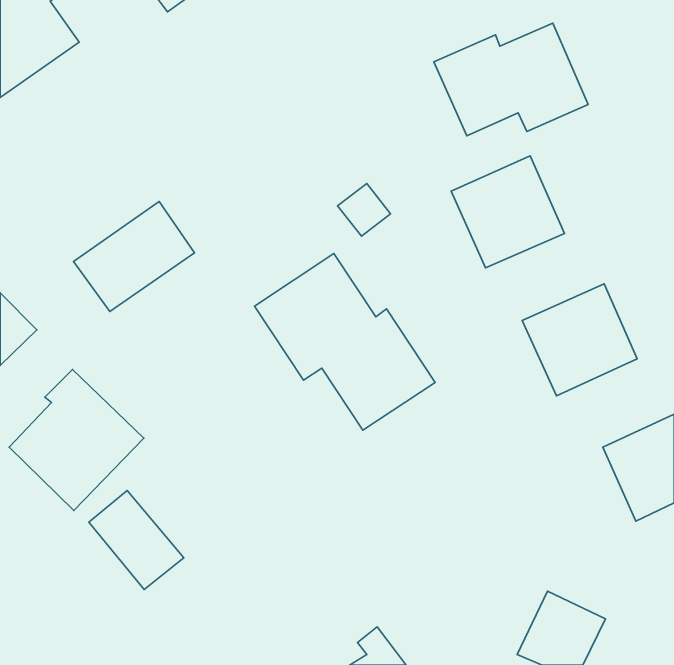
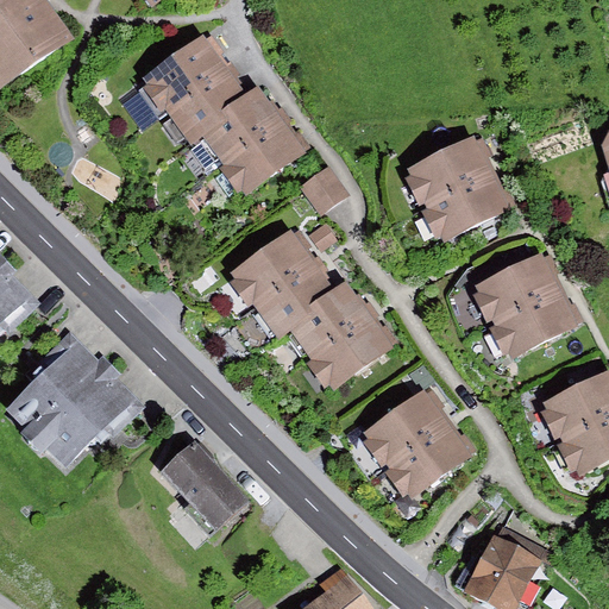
building: [434,23,588,136] -> none
building: none -> [140,39,297,190]
building: [74,202,194,311] -> none
building: none -> [360,388,465,494]
building: [89,490,184,589] -> [161,438,246,527]

